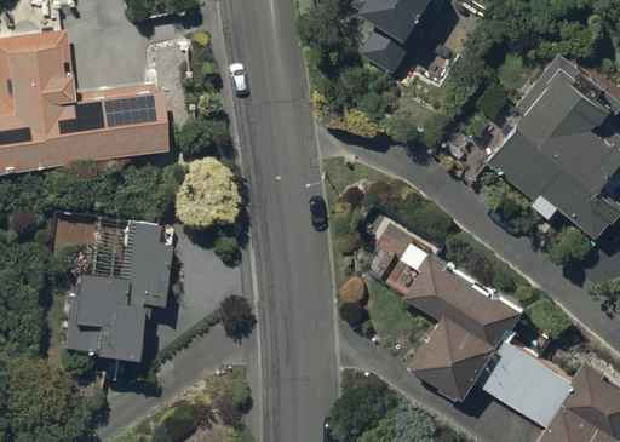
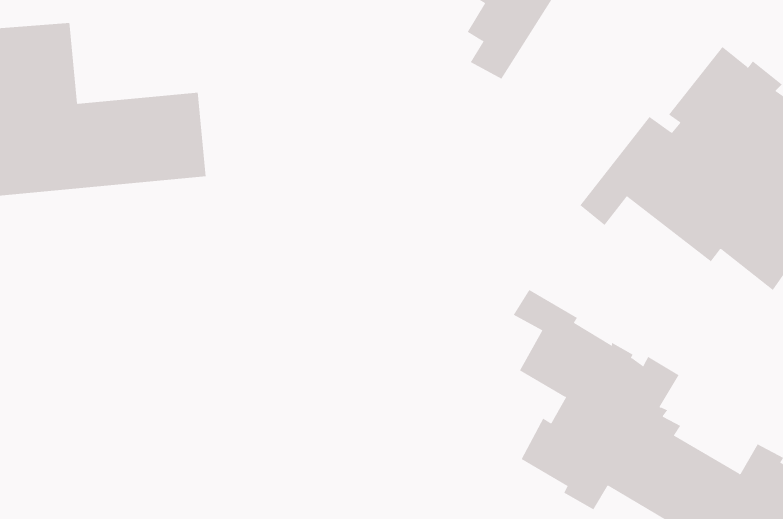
building: [62,224,172,371] -> none

